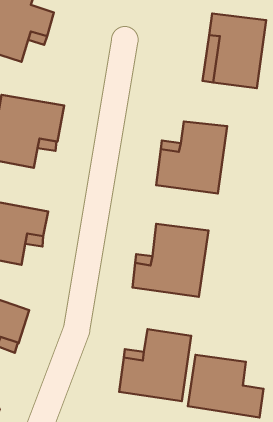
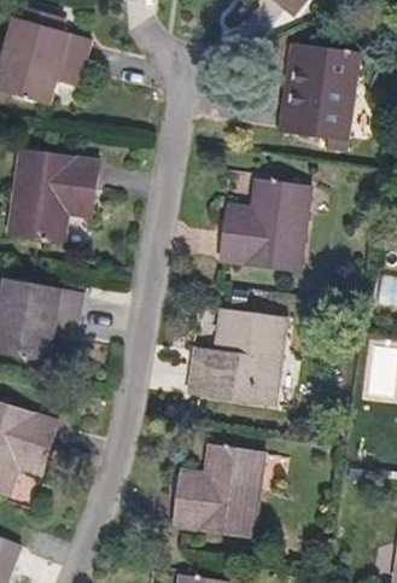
building: [188,355,263,418] -> none

